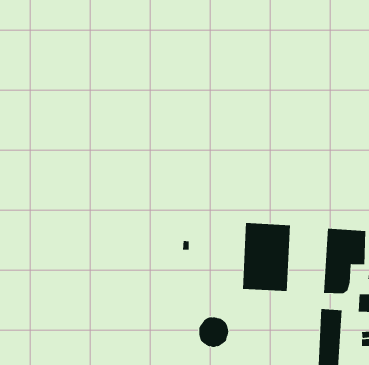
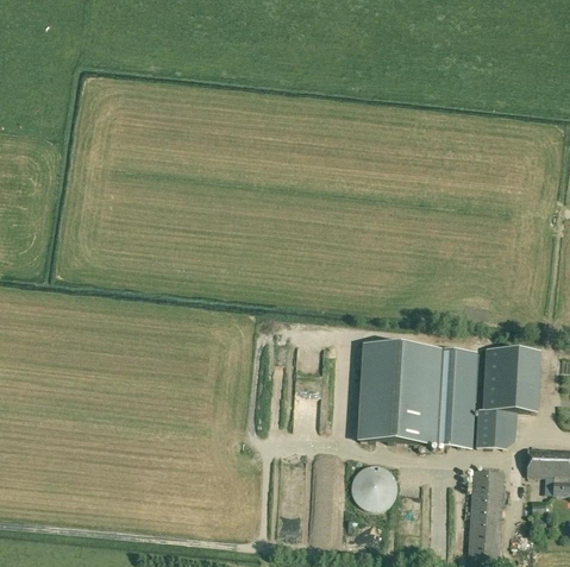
building: none -> [424,347,478,447]
building: [198,317,229,348] -> [352,465,397,510]

